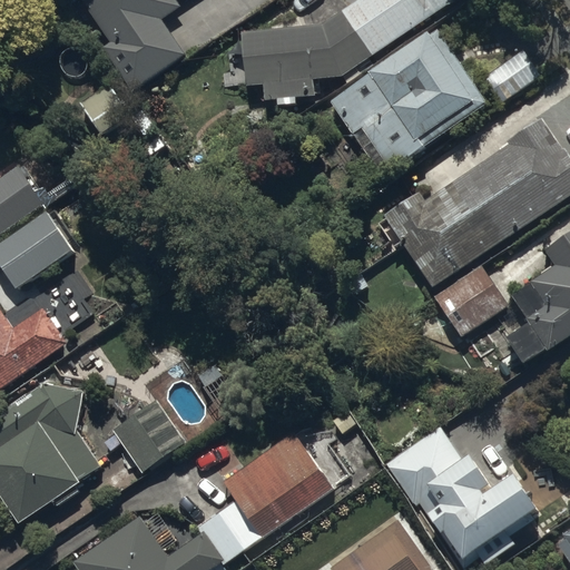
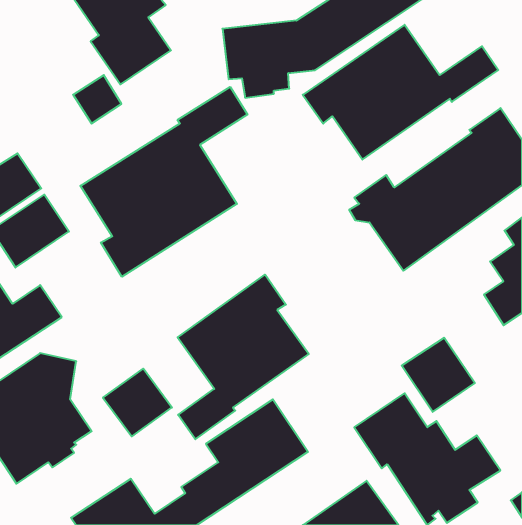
building: none -> [80,87,247,277]
building: [434,265,513,345] -> [402,338,475,412]
building: none -> [178,275,309,439]

